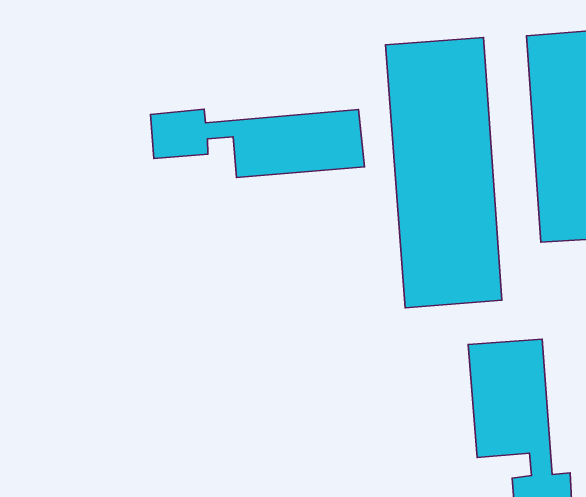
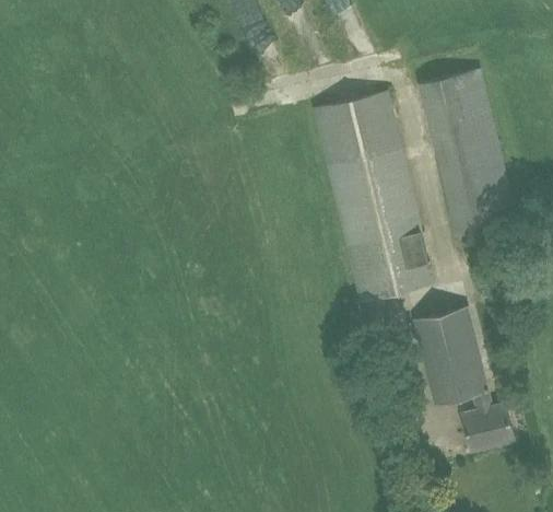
building: [151,109,365,177] -> none

